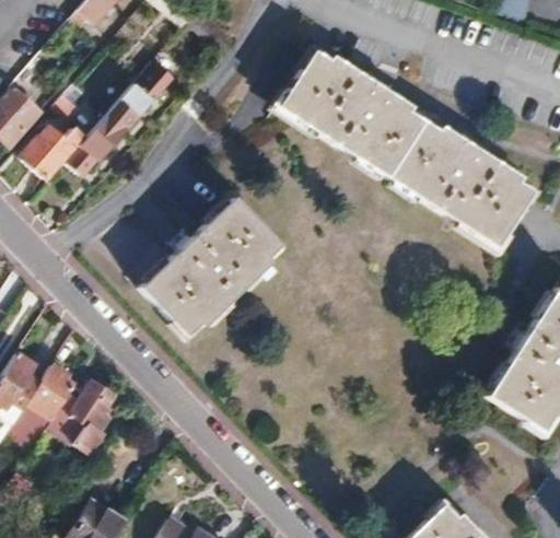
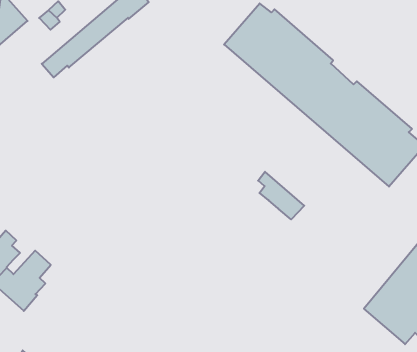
building: [22,124,88,178] -> none
building: [141,197,280,332] -> none
building: none -> [258,172,304,219]

